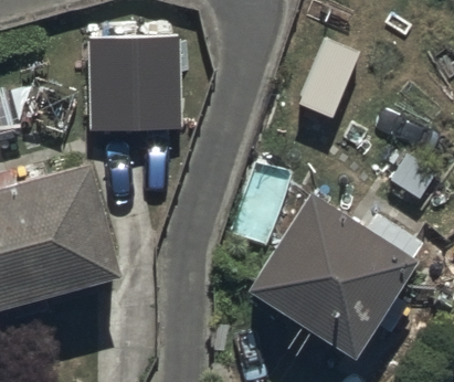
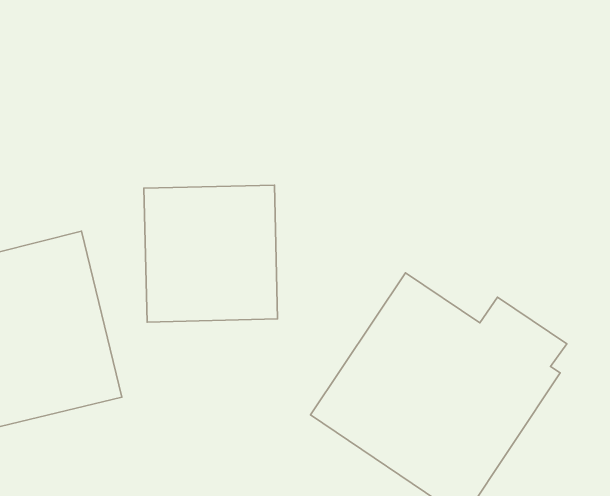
building: [89,30,181,124] -> [144,185,278,322]

